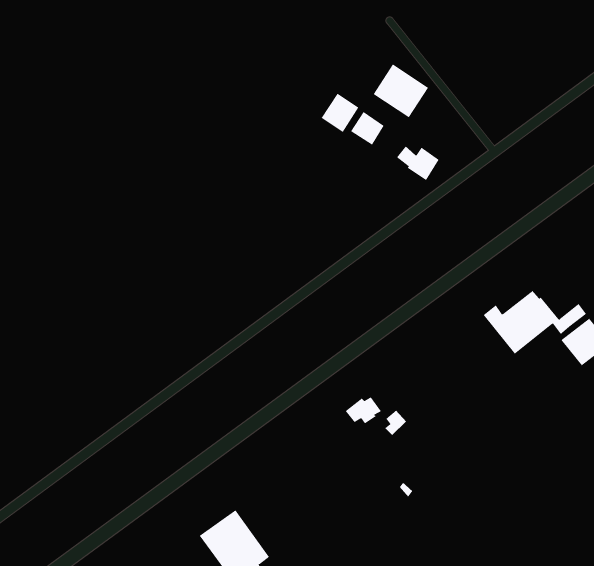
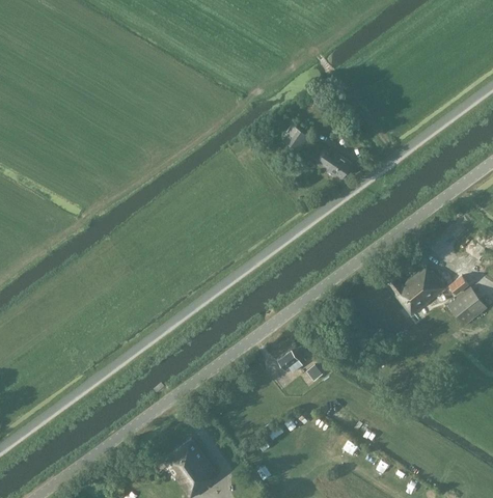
building: [373,64,429,118] -> none
building: [321,93,359,133] -> none

